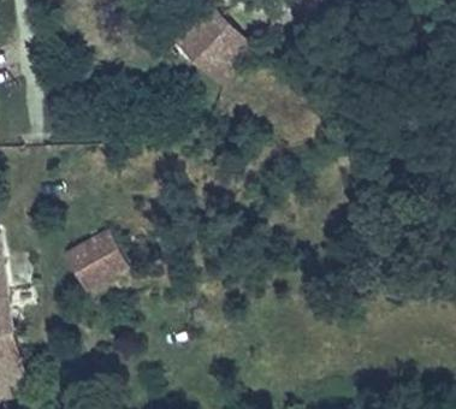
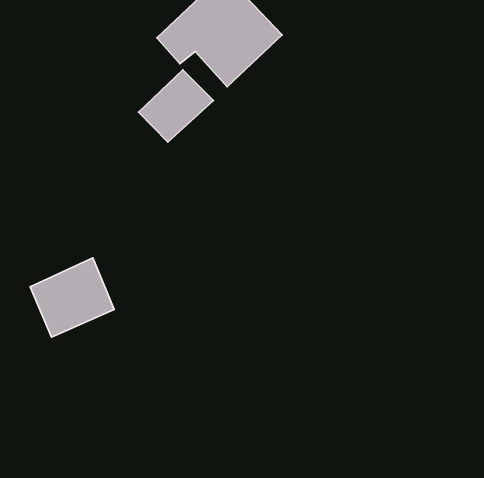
building: none -> [138,70,213,142]

